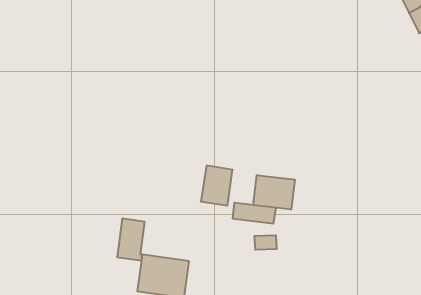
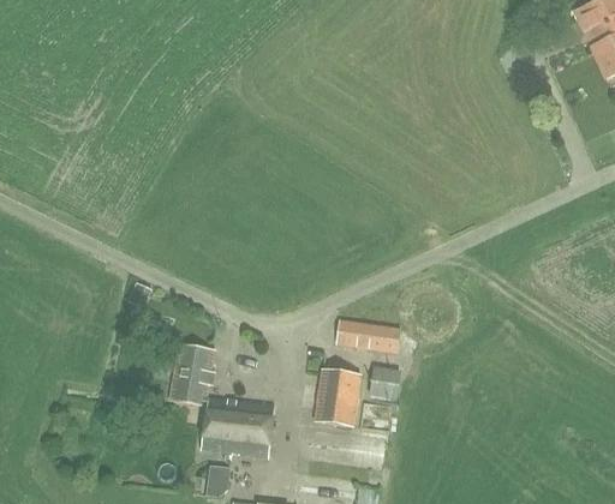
building: [201,166,233,206] -> [315,367,360,425]
building: [253,175,295,210] -> none

